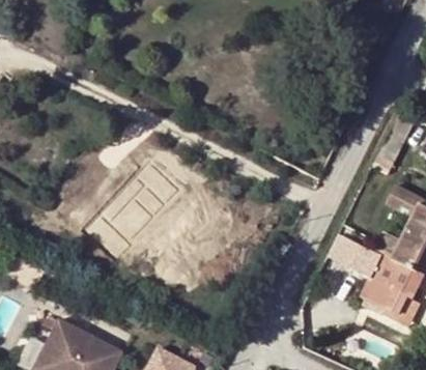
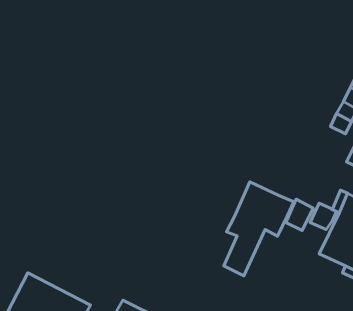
building: none -> [224,182,294,276]

